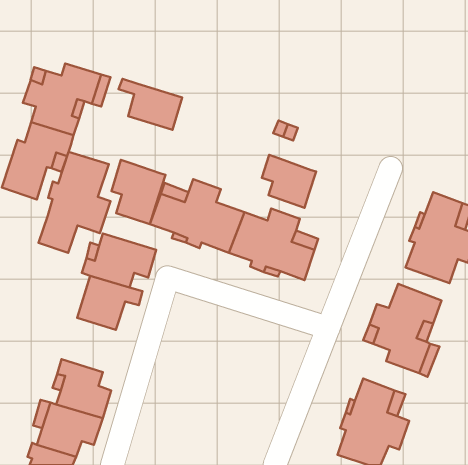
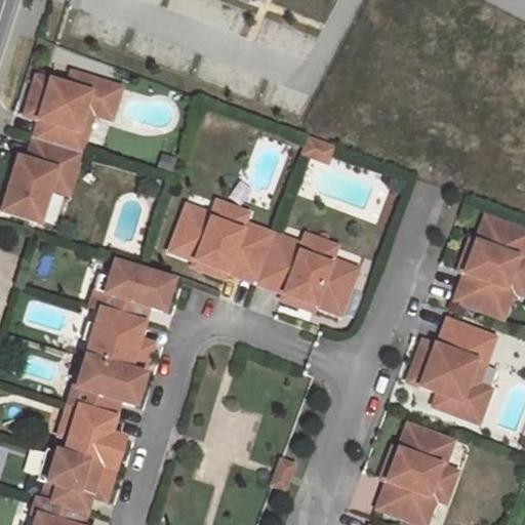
building: [119,79,182,130] -> none
building: [38,152,110,253] -> none
building: [262,155,316,208] -> none
building: [111,160,165,224] -> none
building: none -> [71,355,147,415]

